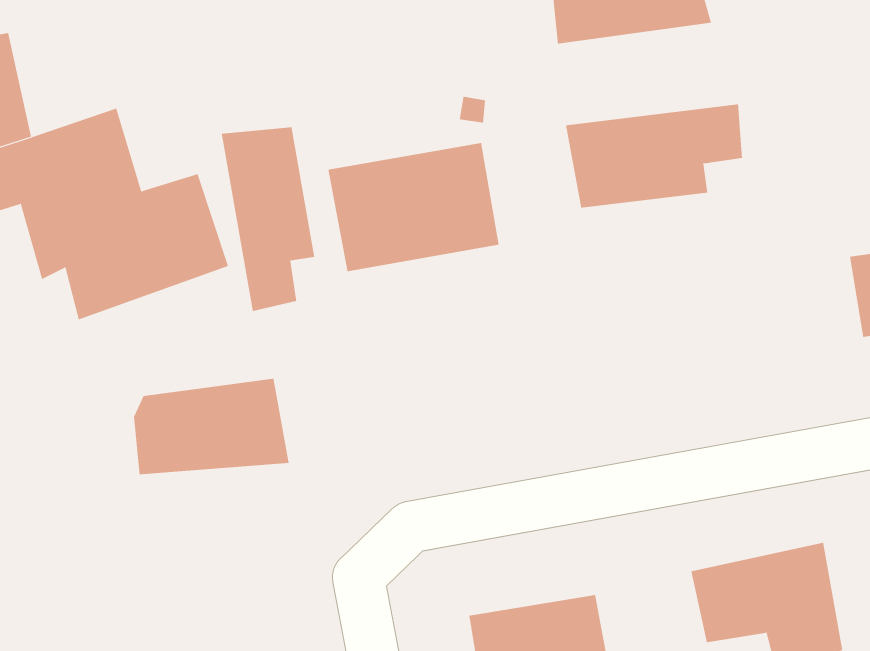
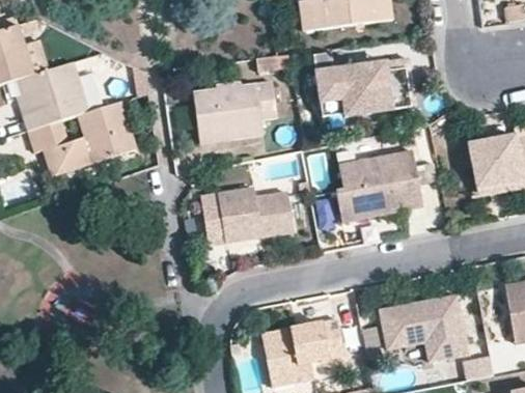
building: [221,126,315,312] -> none
building: none -> [339,151,417,218]
building: [133,378,290,475] -> [202,187,286,238]

